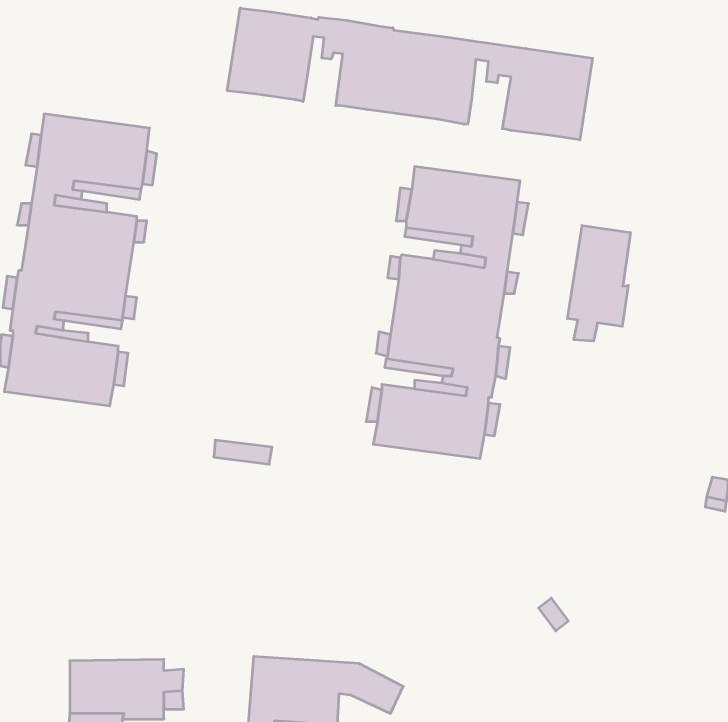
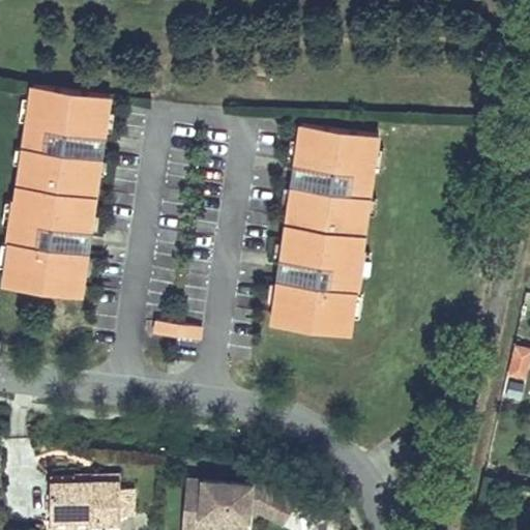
building: [227,8,593,140] -> none
building: [567,225,630,341] -> none

